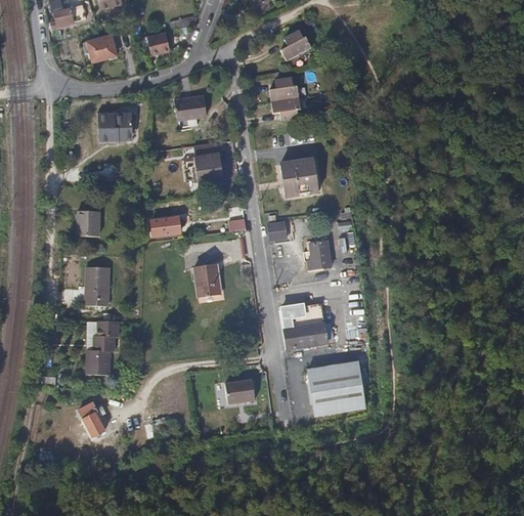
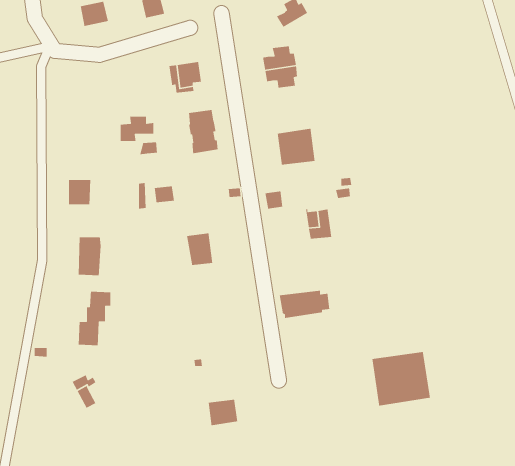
building: [100,114,134,139] -> [120,116,154,142]
building: [280,304,323,324] -> none
building: [307,361,365,416] -> [371,351,431,407]
building: [227,379,257,405] -> [208,399,238,426]

